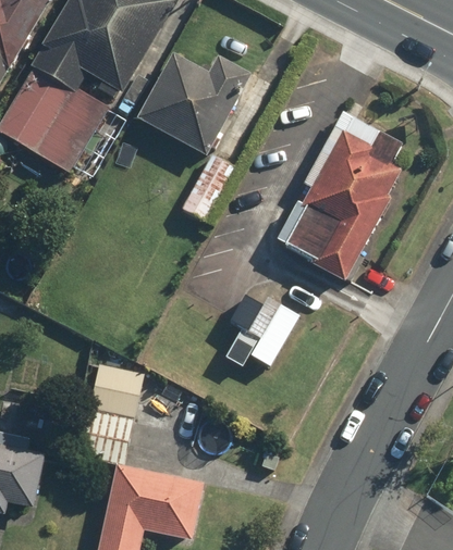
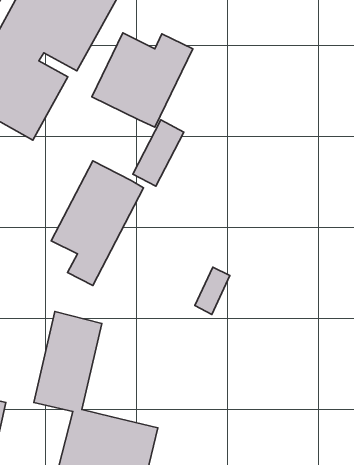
building: [282,114,400,286] -> none
building: none -> [51,161,143,286]

